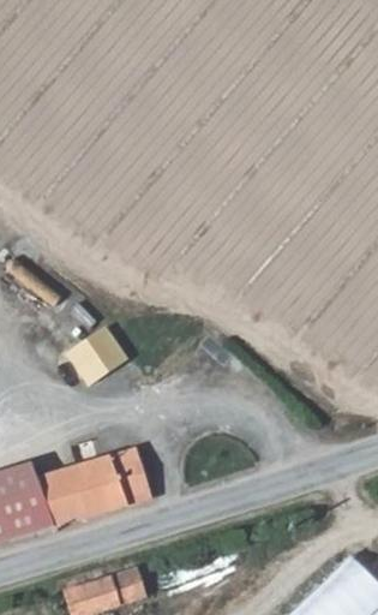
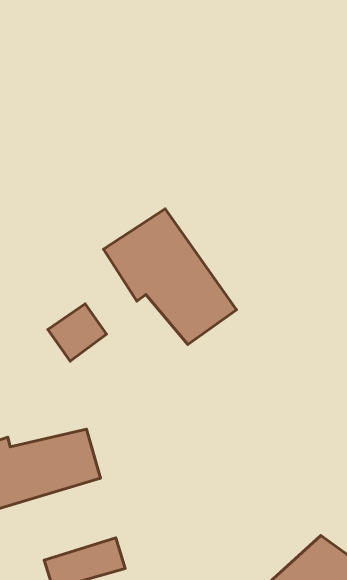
building: none -> [103,209,236,344]
building: [108,449,151,506] -> none

